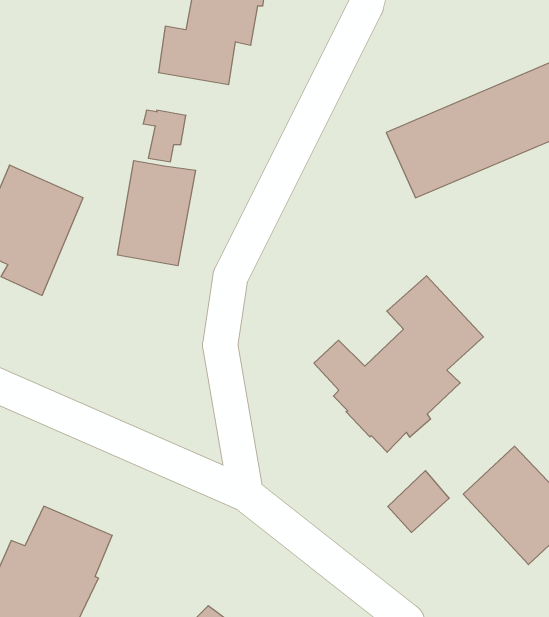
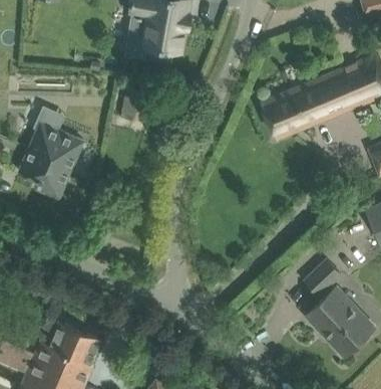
building: [118,161,196,266] -> none
building: [314,276,483,452] -> none
building: [388,471,449,532] -> [305,258,341,295]

